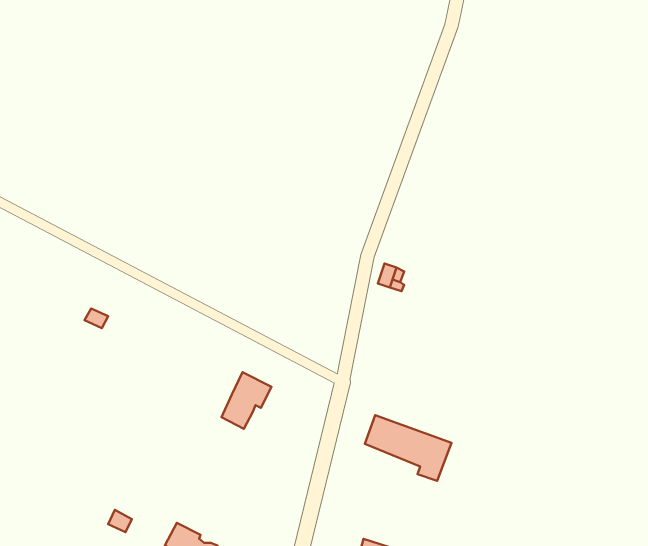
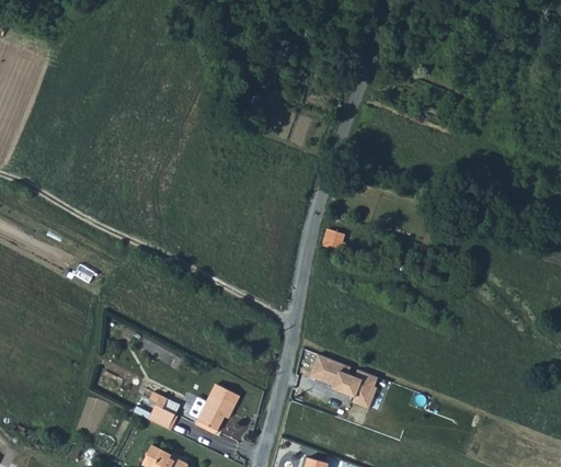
building: [221,372,271,429] -> [197,384,239,431]
building: none -> [149,396,175,430]

